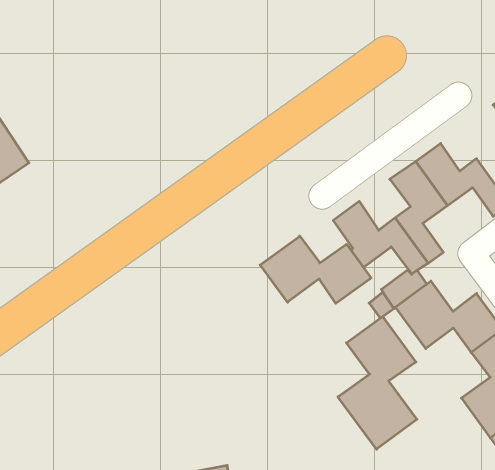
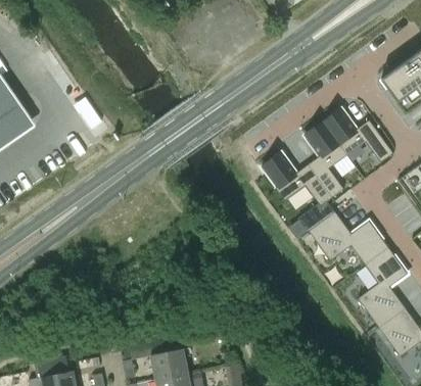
building: [260,236,371,303] -> none
building: [338,317,417,449] -> none

